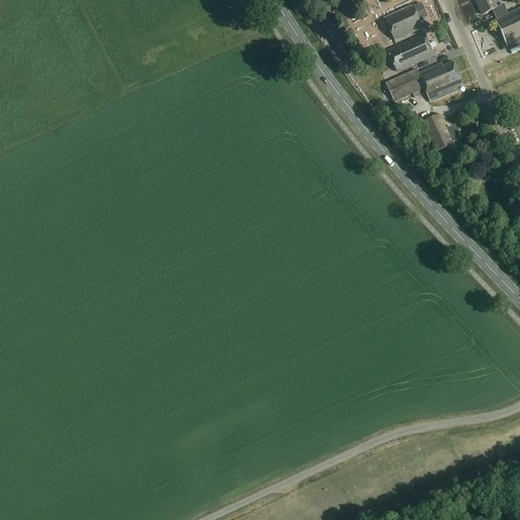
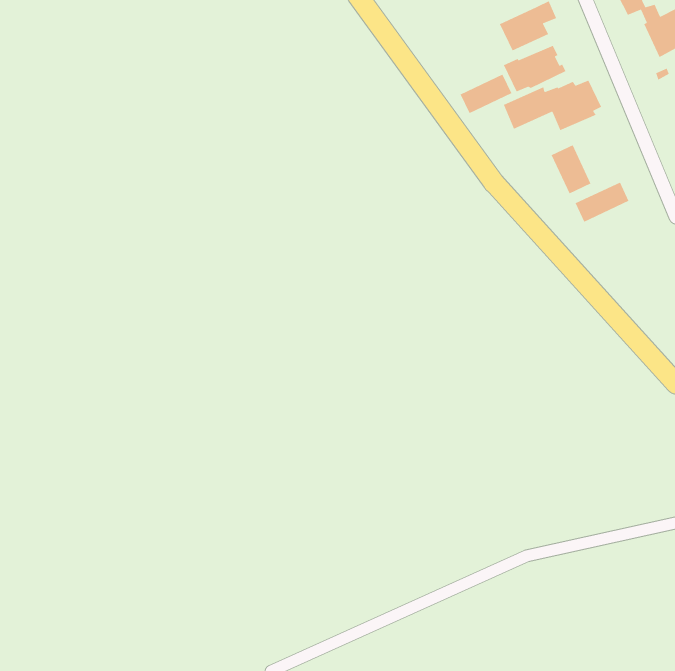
building: none -> [460,74,512,114]
building: none -> [575,182,630,223]

